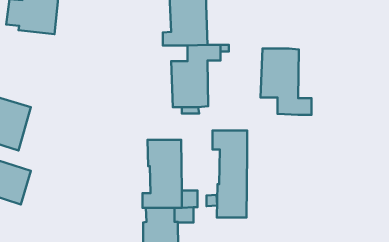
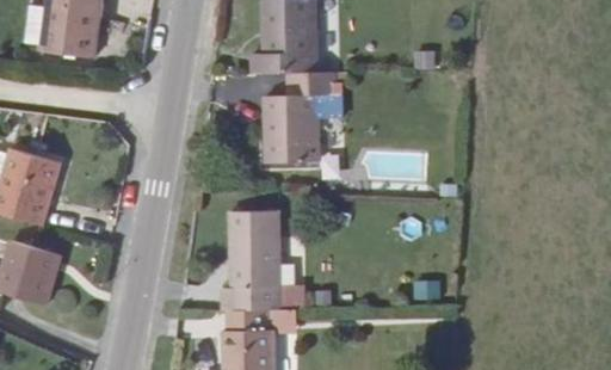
building: [261,49,312,115] -> none
building: [213,130,247,218] -> none

